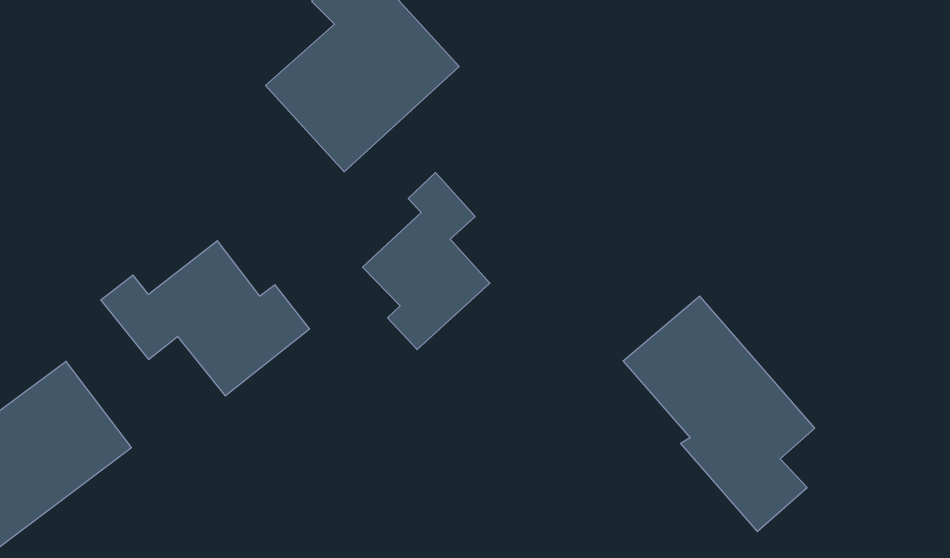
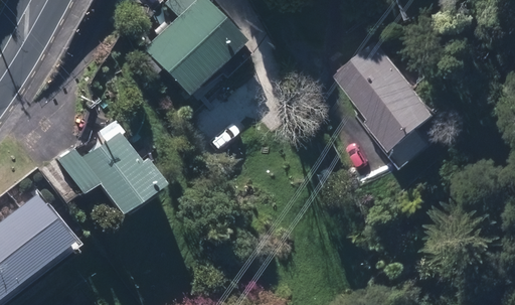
building: [363,173,490,350] -> none
building: [623,296,815,532] -> [345,44,446,168]

